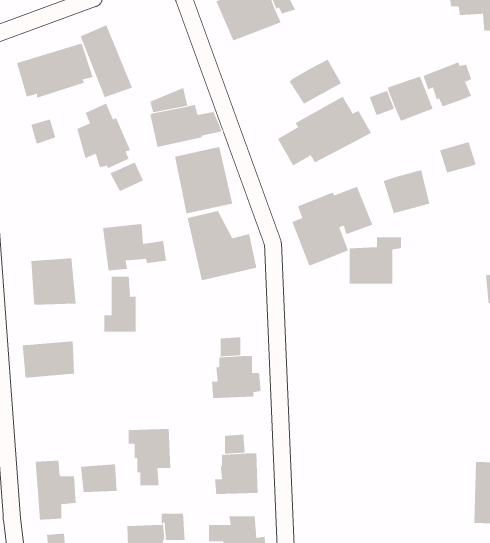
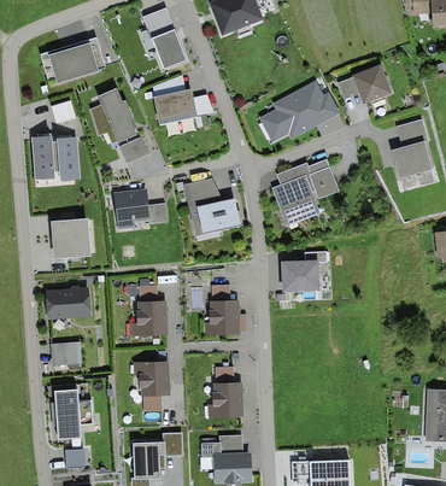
building: [80,25,133,98] -> [142,7,187,69]
building: [289,59,342,105] -> none
building: [423,62,472,107] -> none
building: [175,146,233,214] -> none
building: none -> [31,133,80,181]
building: [383,169,430,214] -> [391,141,430,178]
building: [349,237,402,284] -> [281,252,325,292]
building: [104,276,137,332] -> [131,289,159,336]
building: [80,464,117,492] -> [49,341,81,365]

